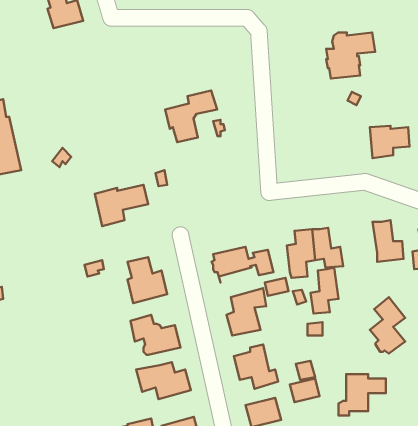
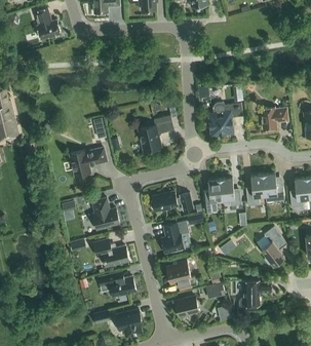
building: [326,33,375,78] -> [209,103,243,134]
building: [165,90,217,142] -> [139,115,174,151]
building: [311,268,339,313] -> [246,174,266,205]

